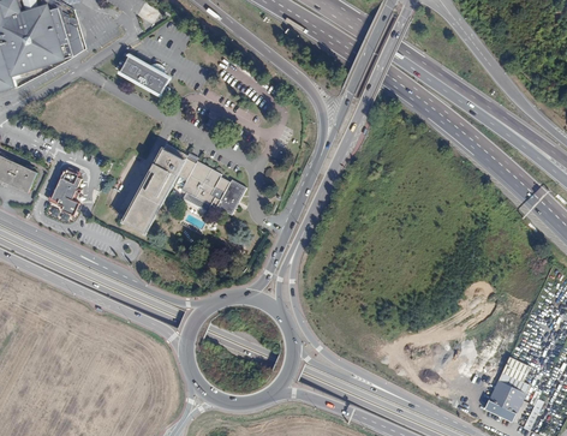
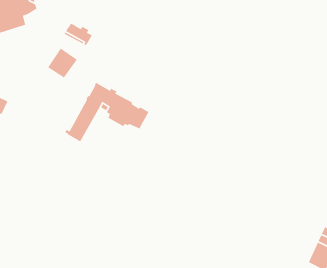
building: none -> [47,47,78,79]
building: [50,169,80,216] -> none

